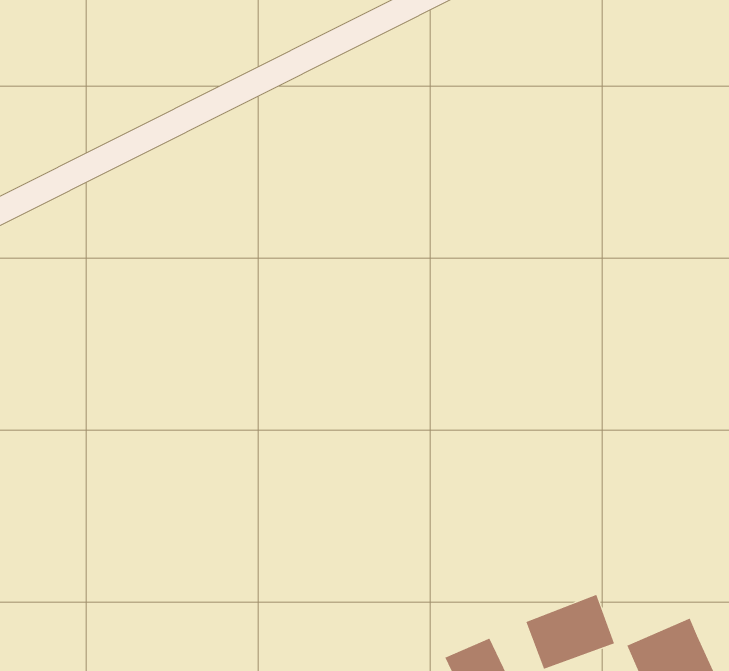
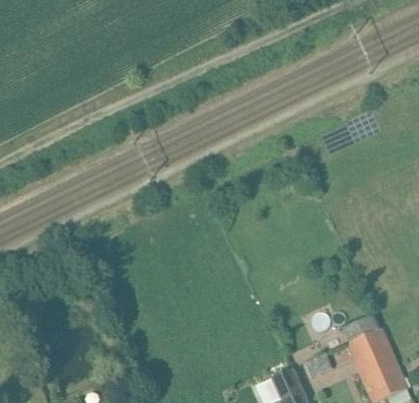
building: none -> [348,327,394,371]

